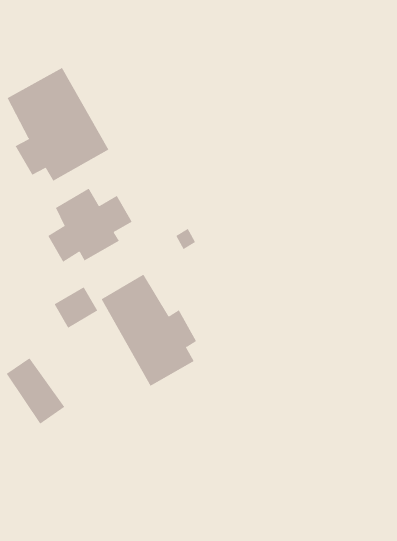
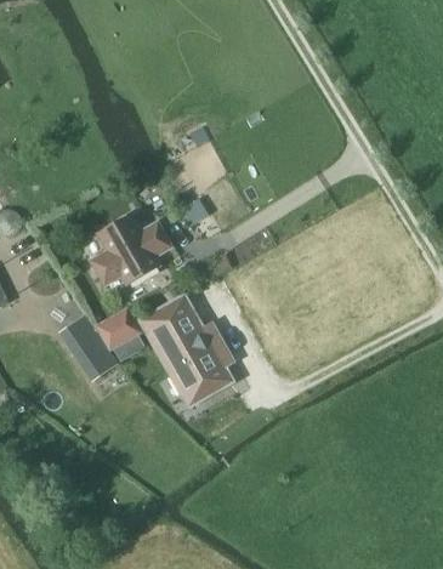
building: [7,67,109,181] -> none
building: [6,357,65,424] -> [59,314,117,379]

